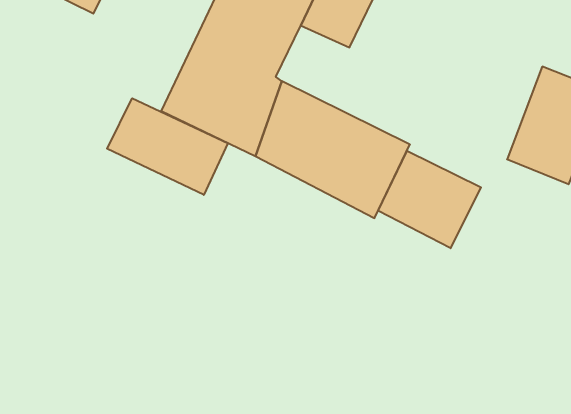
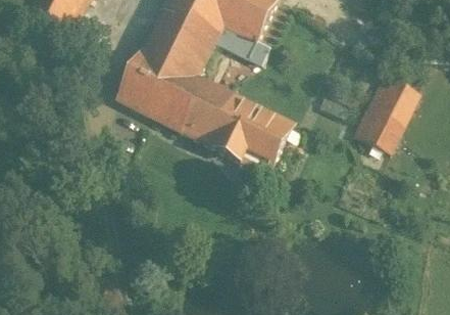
building: [107,98,228,195] -> none
building: [378,151,481,248] -> none

